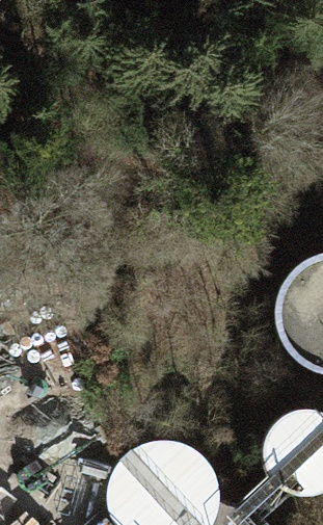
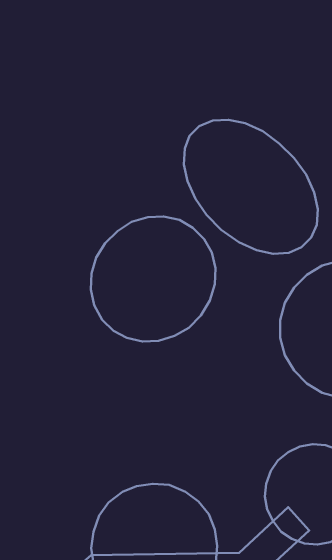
building: none -> [184,120,318,254]
building: none -> [91,216,216,341]

